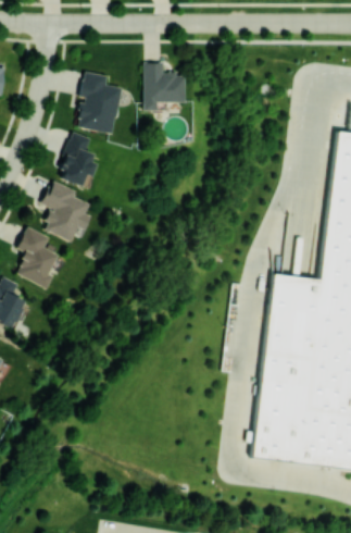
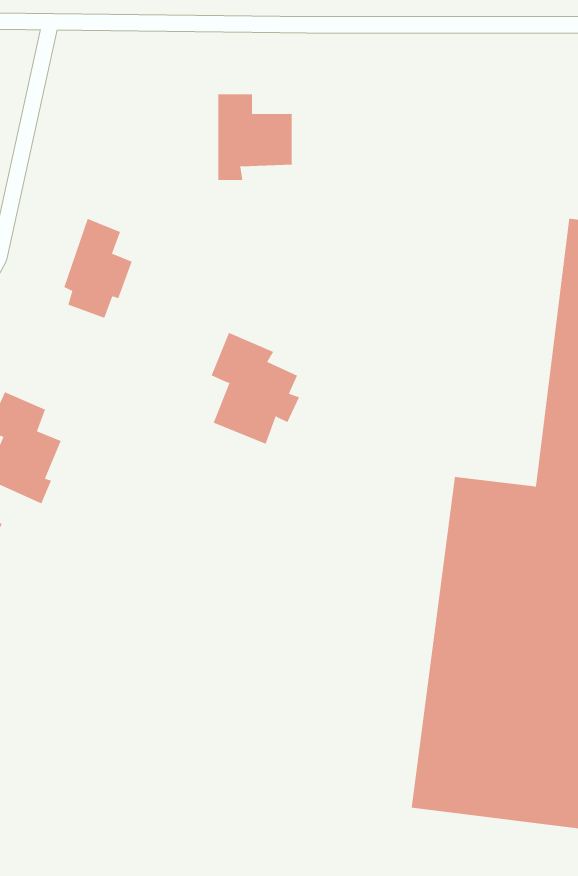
building: [77,73,120,134] -> none
building: [41,181,90,243] -> [211,332,300,445]

